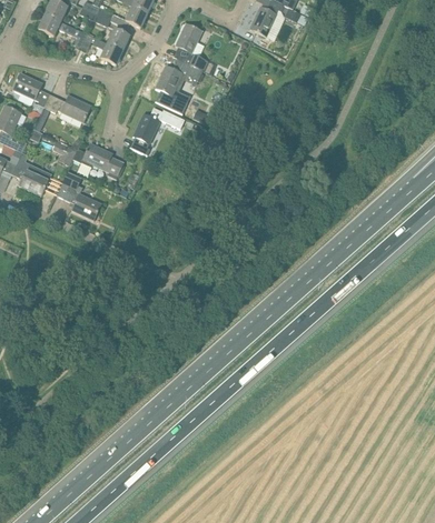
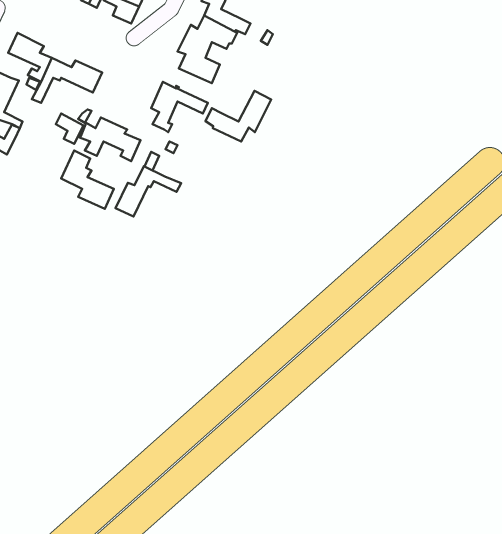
building: none -> [205,91,271,142]
building: [11,160,48,194] -> none
building: none -> [116,166,181,217]

